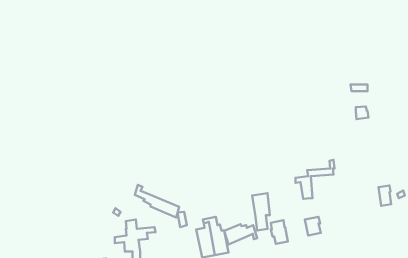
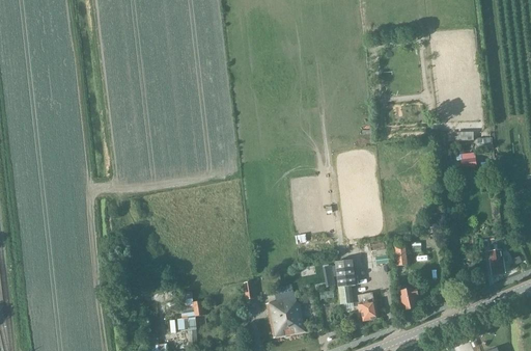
building: [135,185,179,218] -> none
building: [224,224,257,244] -> none

